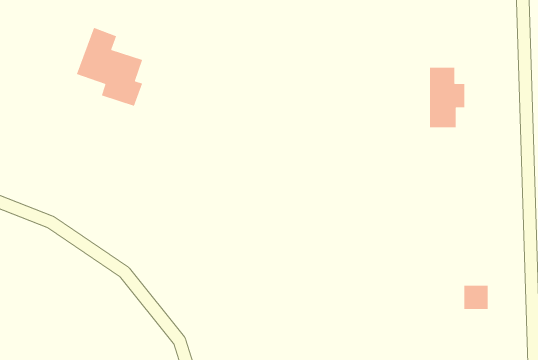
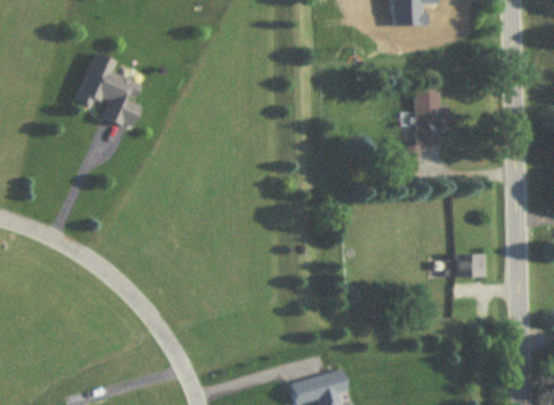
building: [463,285,488,310] -> [461,254,485,278]

